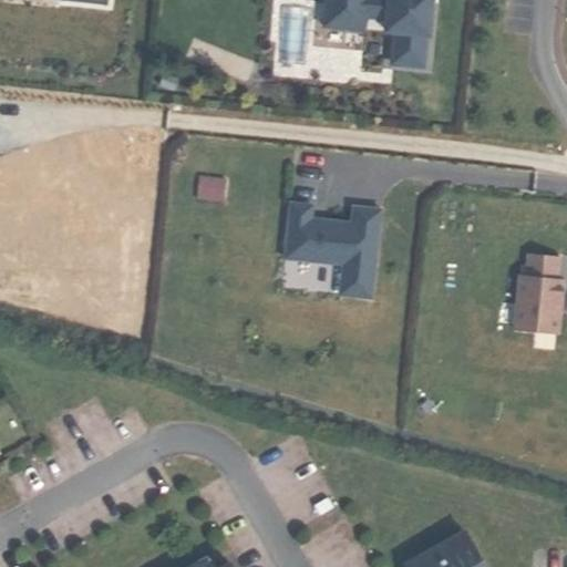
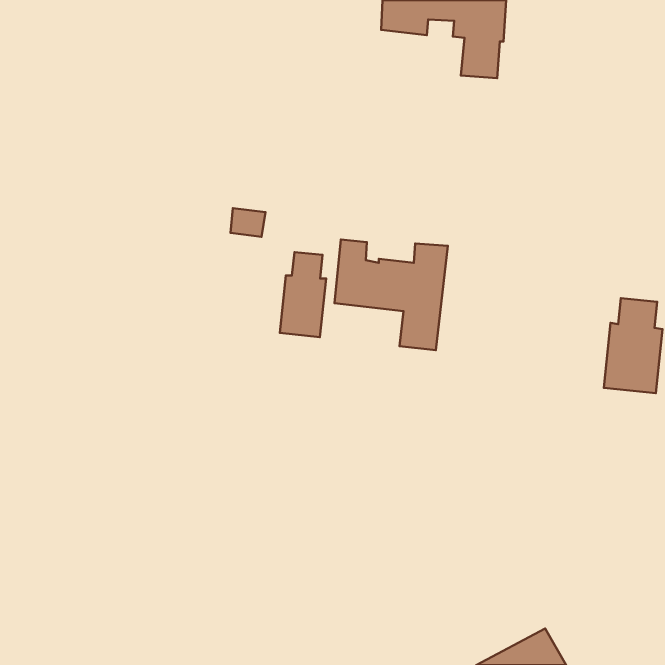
building: none -> [280,252,326,337]

